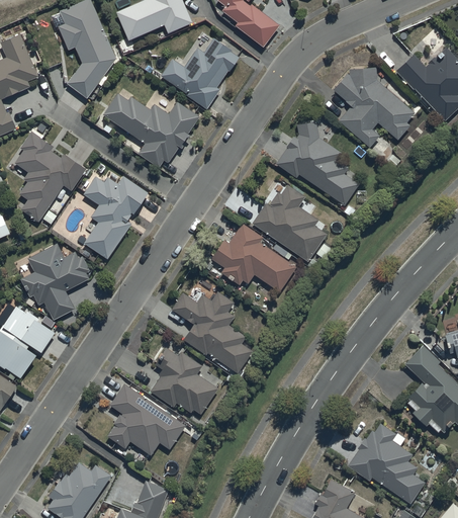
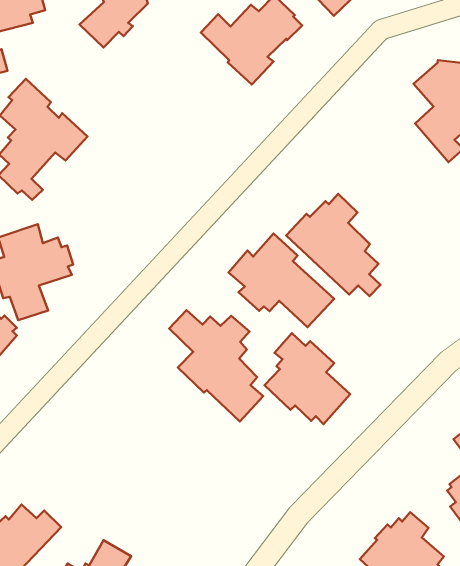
building: [104,93,200,167] -> none
building: [263,120,359,205] -> none
building: [78,176,148,259] -> none
building: [151,347,218,414] -> [264,333,350,424]
building: [107,383,186,455] -> none

